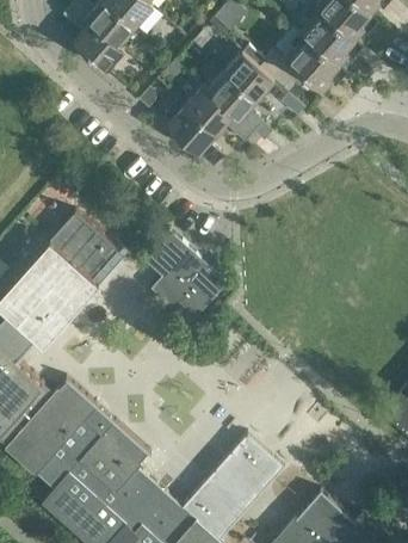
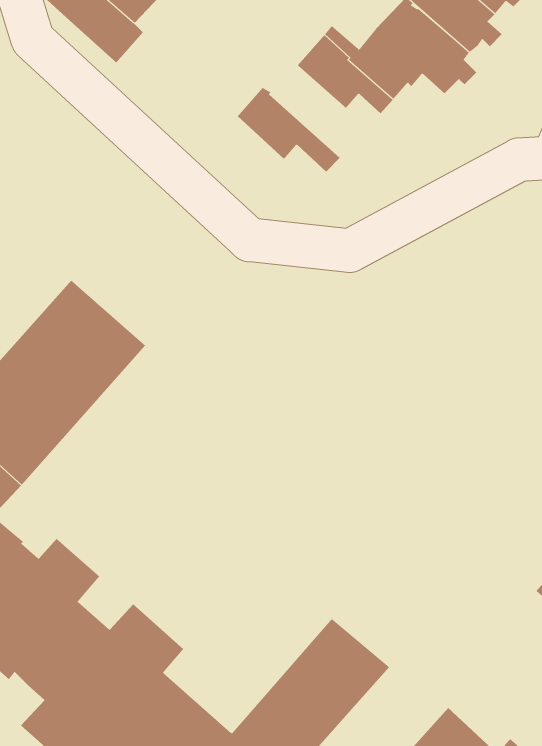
building: [206,72,262,132] -> none
building: [167,105,222,166] -> none
building: [141,230,224,313] -> none

